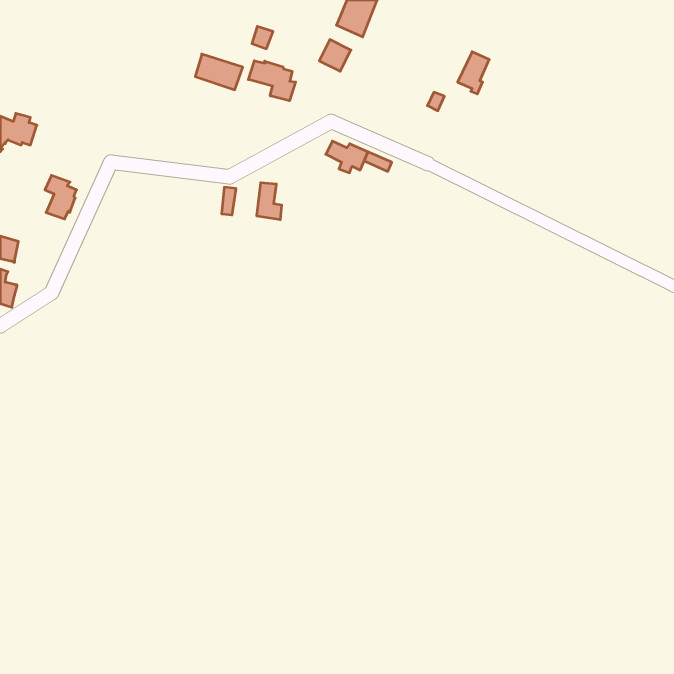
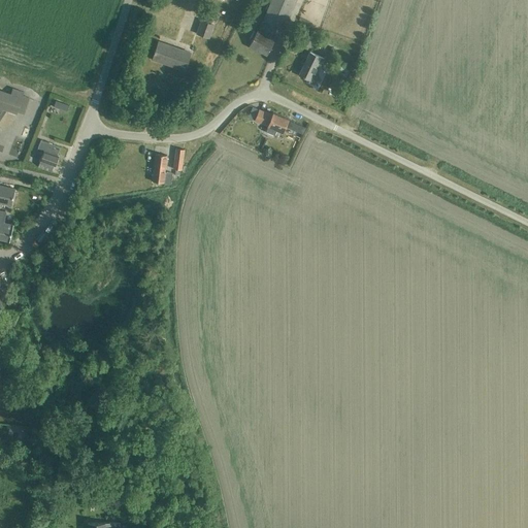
building: [458,52,489,94] -> [298,52,323,85]
building: [248,61,296,101] -> none
building: [257,183,282,220] -> [152,155,171,184]

